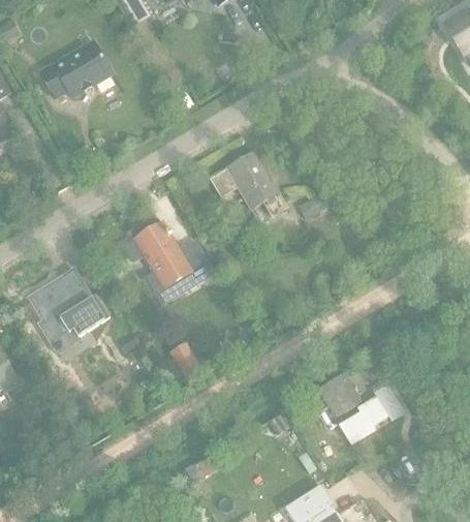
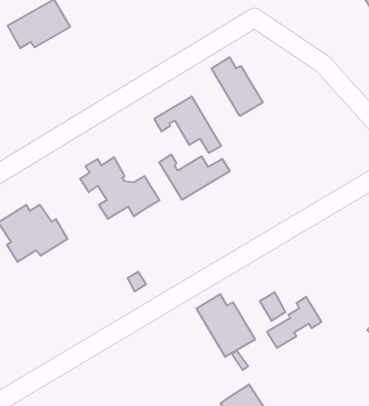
building: none -> [211,57,263,116]
building: none -> [159,155,230,200]
building: none -> [197,294,255,357]

